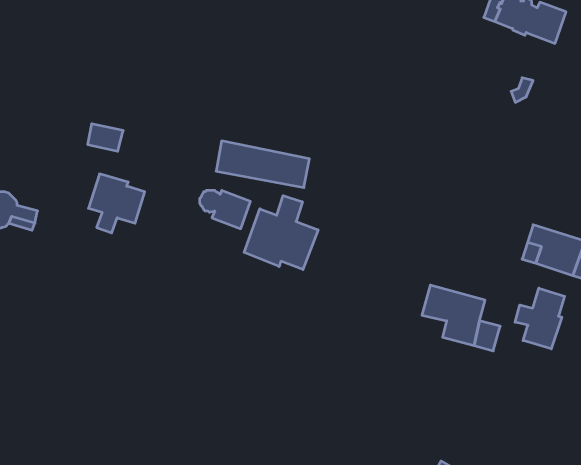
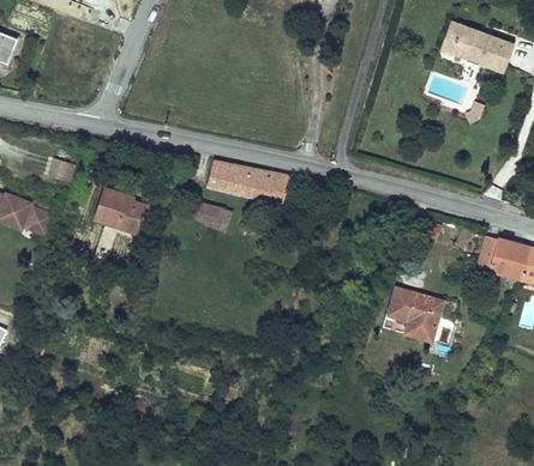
building: [88,124,123,151] -> [48,156,79,180]
building: [244,196,318,270] -> none
building: [515,288,565,349] -> none

